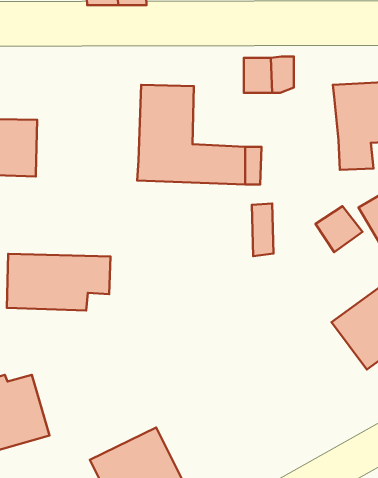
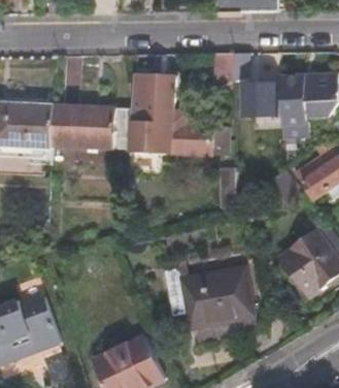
building: none -> [241,86,276,119]
building: [7,254,111,310] -> [52,103,131,147]
building: none -> [161,267,251,332]

